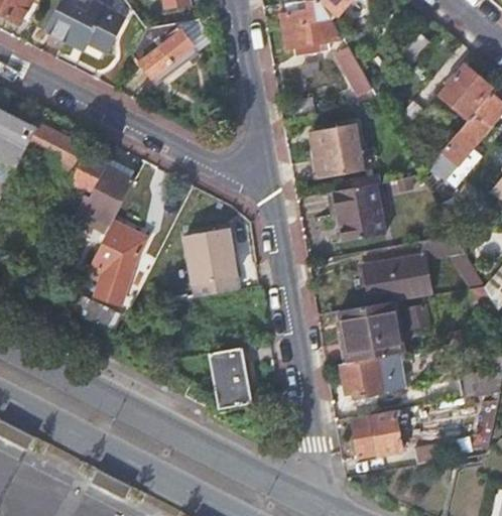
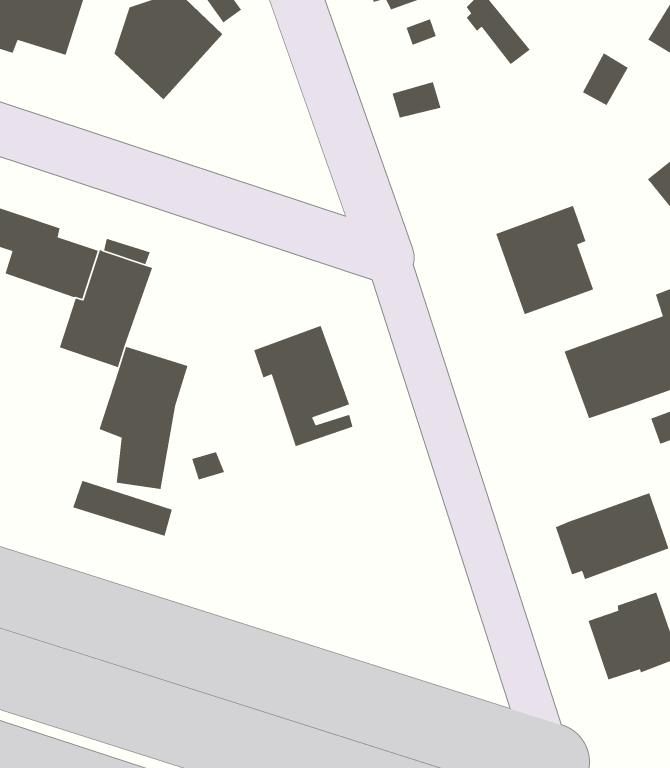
building: [310,124,363,178] -> none
building: [339,302,403,363] -> none
building: [208,349,249,408] -> none

